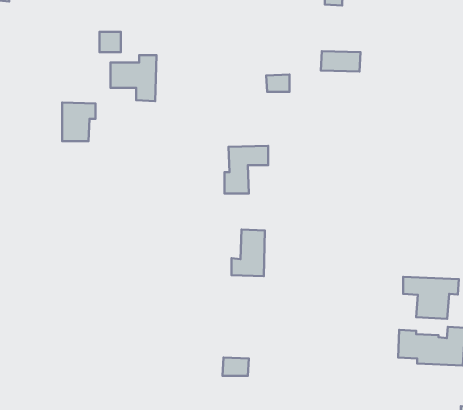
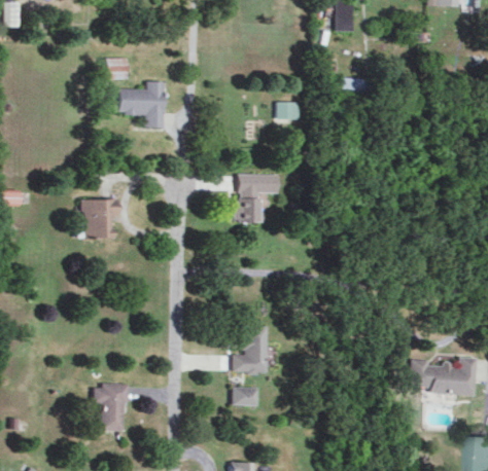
building: [62,103,96,141] -> [82,198,116,238]
building: [231,230,265,276] -> [234,325,268,372]
building: [403,277,459,319] -> none
building: none -> [93,385,128,431]

